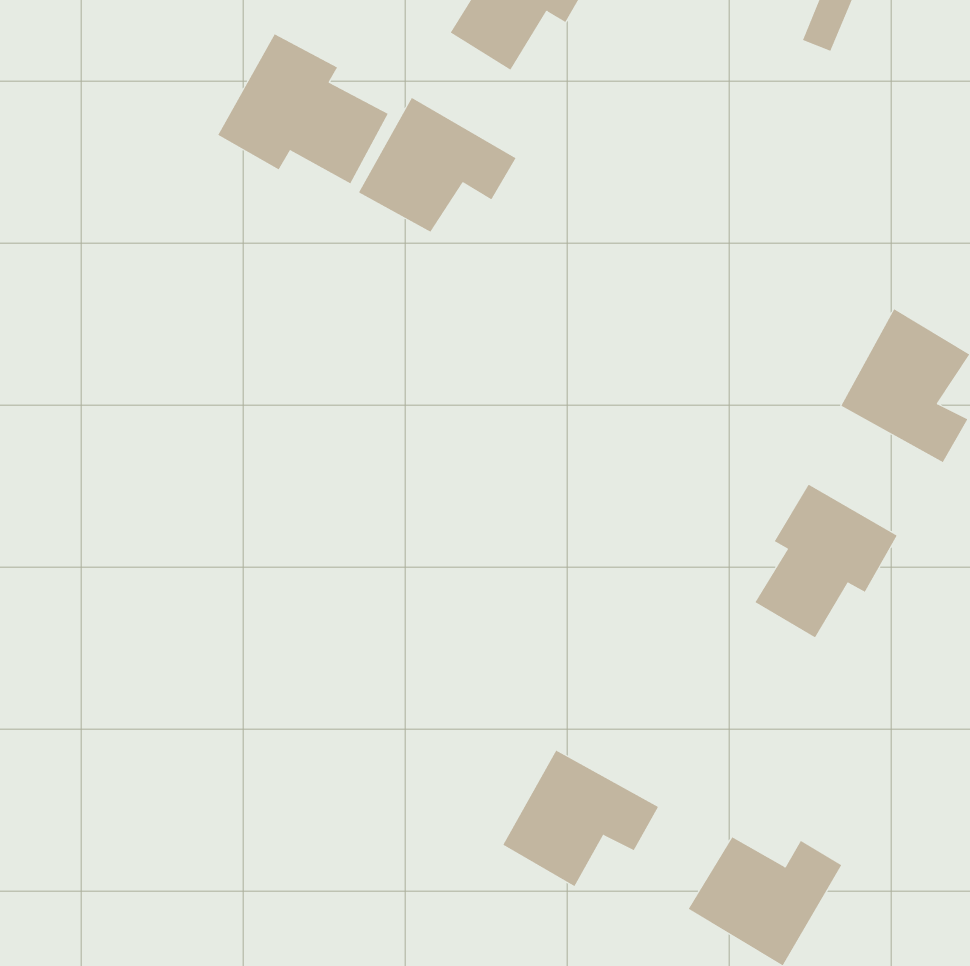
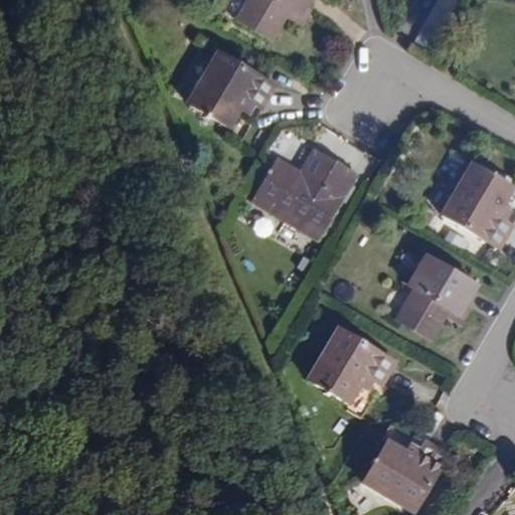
building: [218,33,389,184] -> none
building: none -> [253,148,353,237]
building: [503,750,659,887] -> [309,329,391,401]

